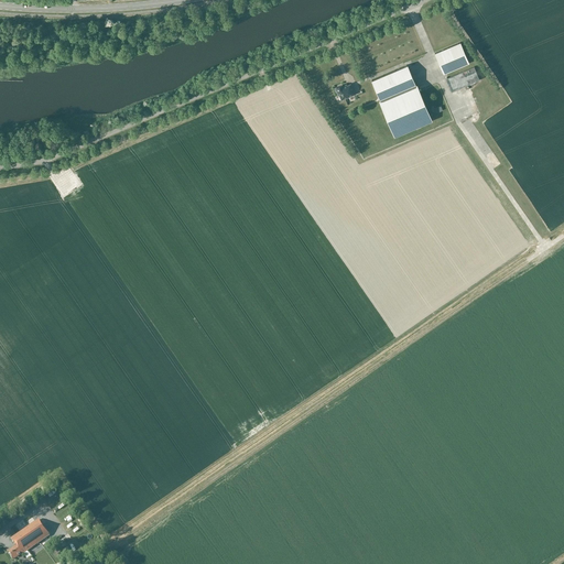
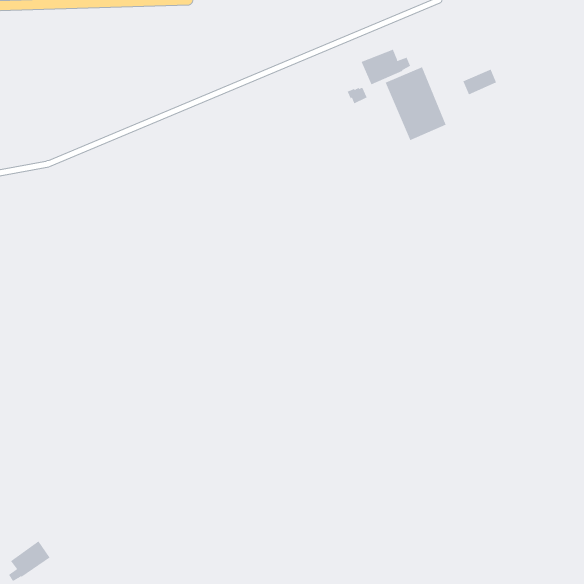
building: [434,43,468,75] -> none
building: none -> [361,49,411,85]

